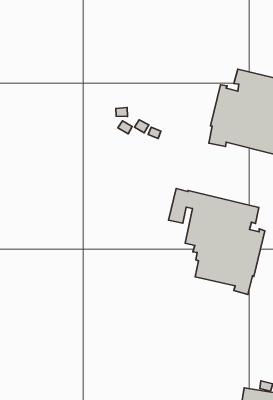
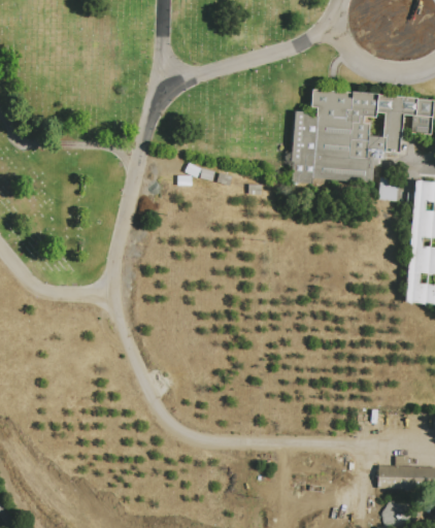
building: [169,188,265,294] -> none

